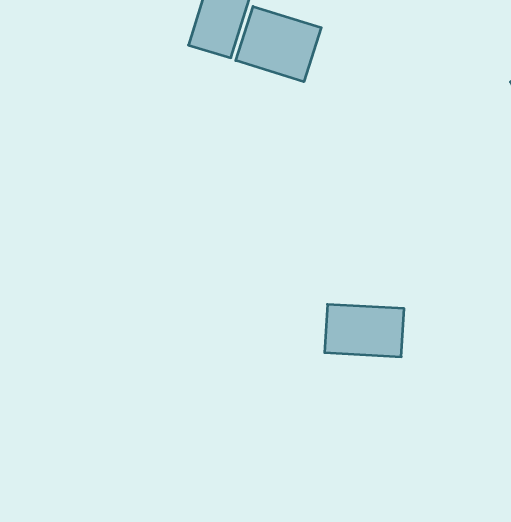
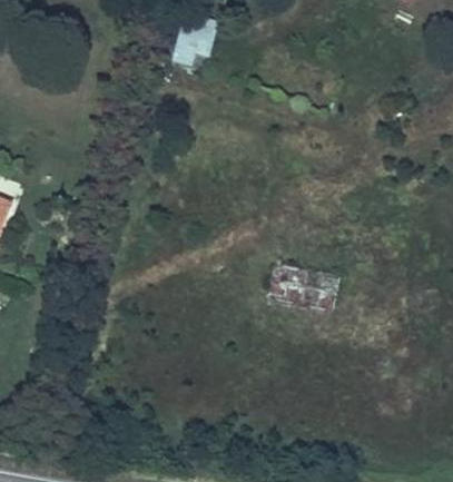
building: [236,6,321,82] -> none

